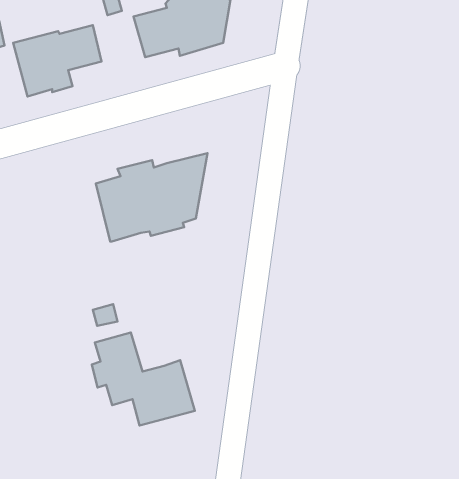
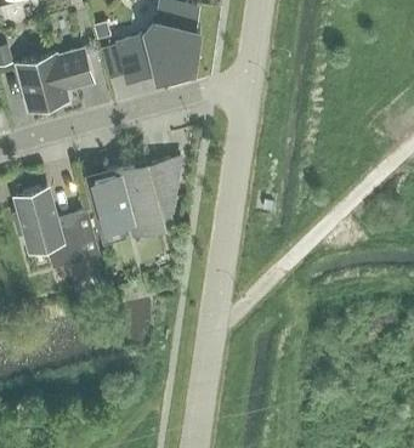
building: [92,332,195,425] -> [15,188,101,266]

